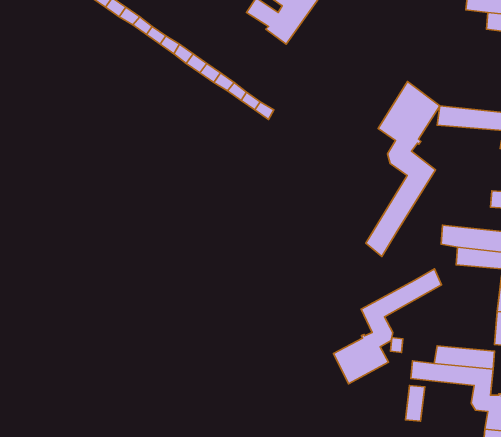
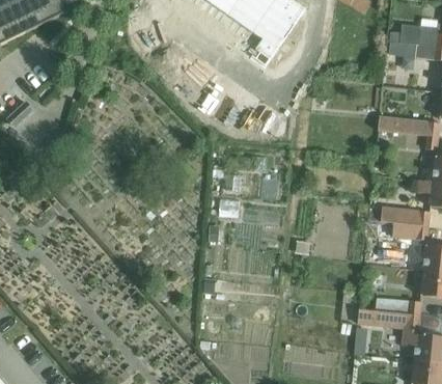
building: [366,82,440,257] -> none
building: [334,269,441,384] -> none

